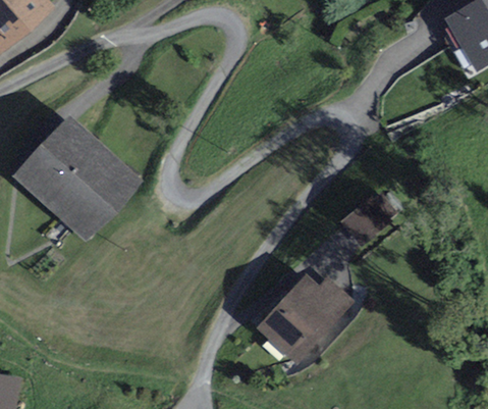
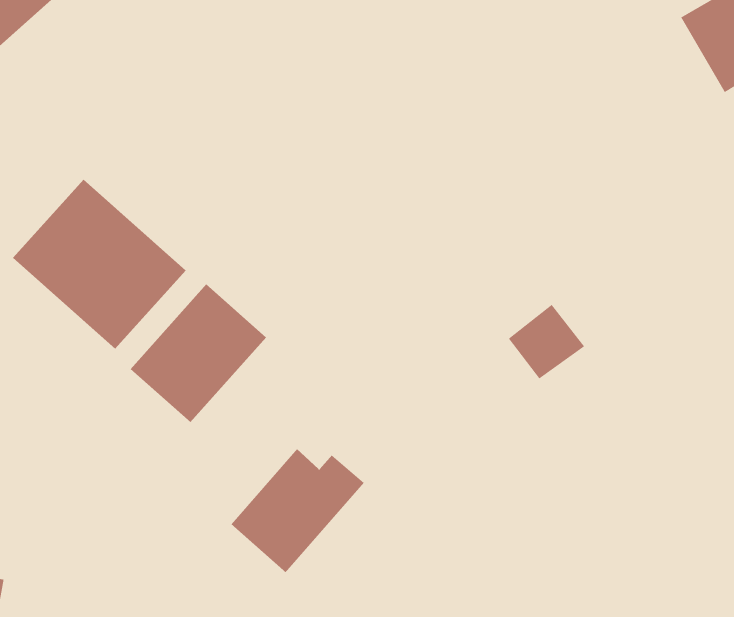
building: none -> [130,284,267,423]
building: [263,278,349,359] -> [230,448,365,573]

